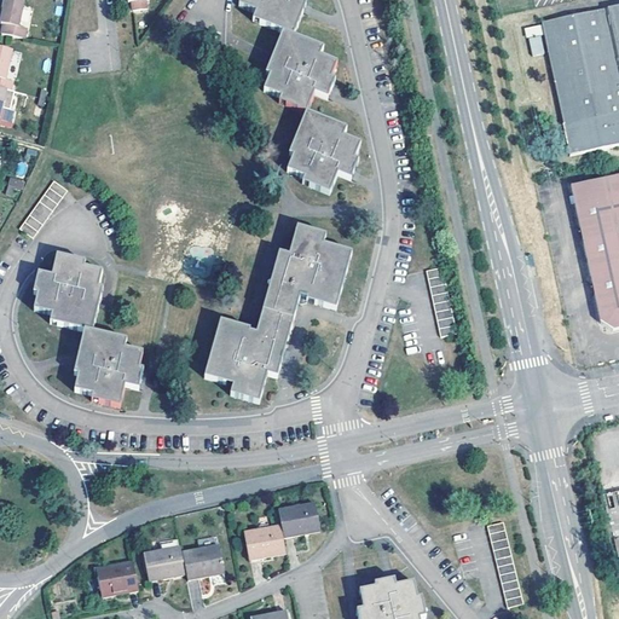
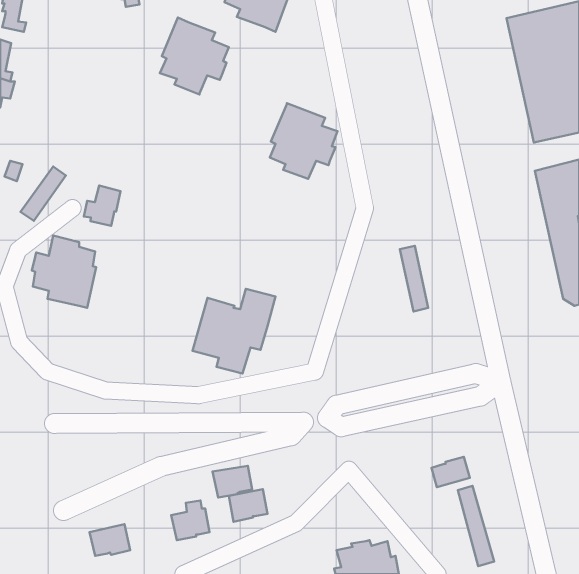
building: [264,29,337,111] -> [160,18,229,95]
building: none -> [84,185,121,226]
building: [262,225,352,317] -> none
building: [75,326,144,404] -> none
building: none -> [432,457,470,487]
building: [278,501,320,534] -> [213,466,252,498]
building: [144,534,185,577] -> none

